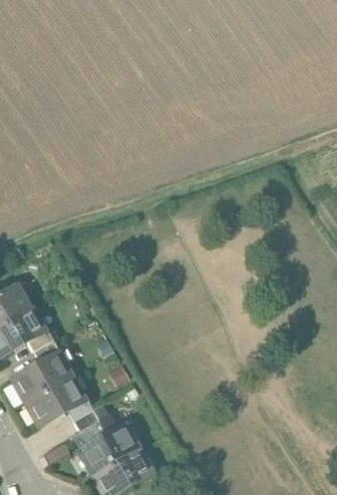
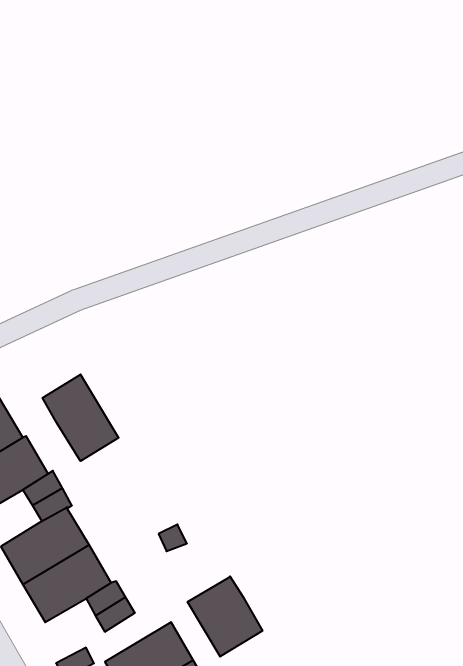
building: none -> [43,374,119,461]
building: none -> [188,576,262,657]

